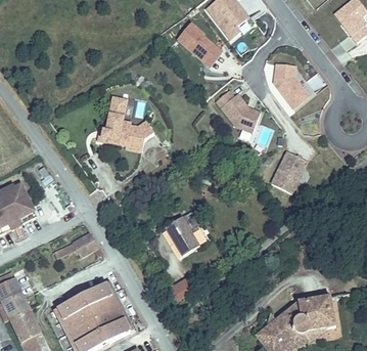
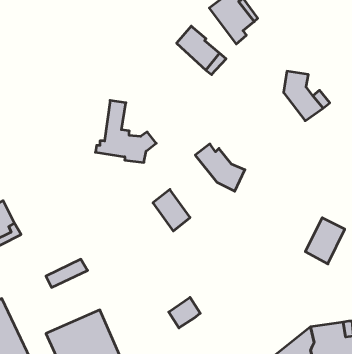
building: [214,92,259,135] -> [195,144,245,191]
building: [268,155,304,196] -> [305,218,345,264]
building: [167,213,200,251] -> [153,189,190,231]

